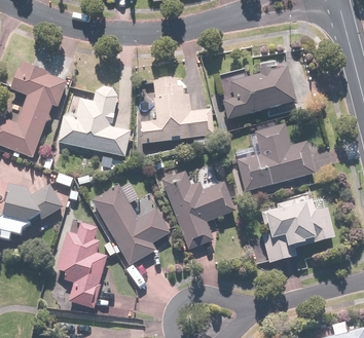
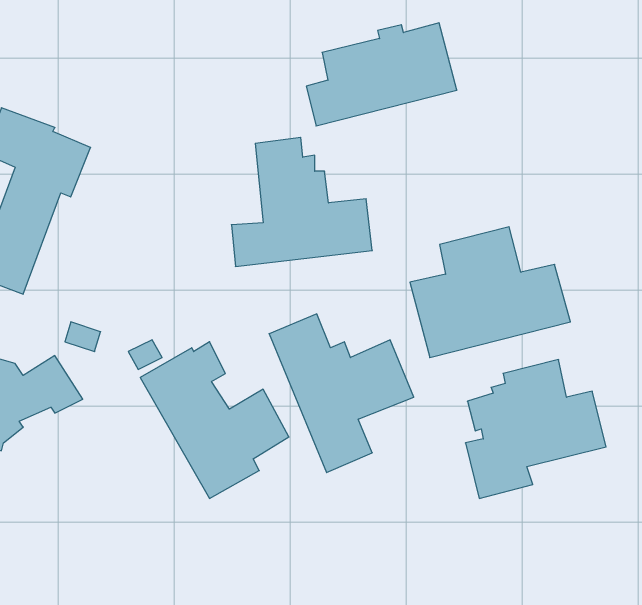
building: [221,64,299,117] -> [306,23,457,126]
building: [57,85,130,156] -> none
building: [57,219,106,306] -> none

